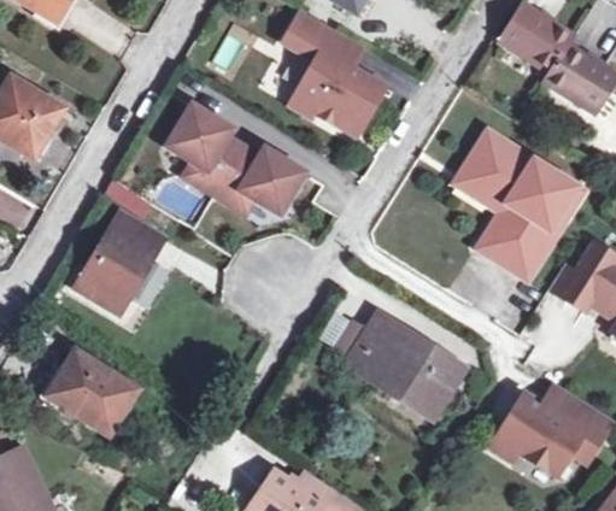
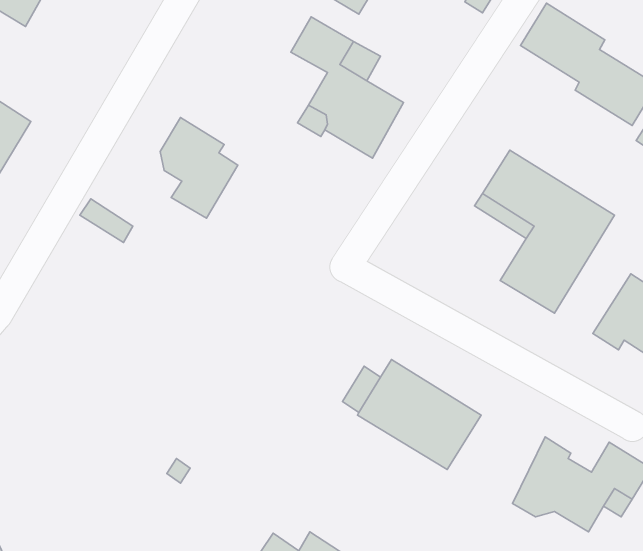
building: [218,147,307,212] -> none
building: [70,213,154,310] -> none
building: [51,351,139,434] -> none

